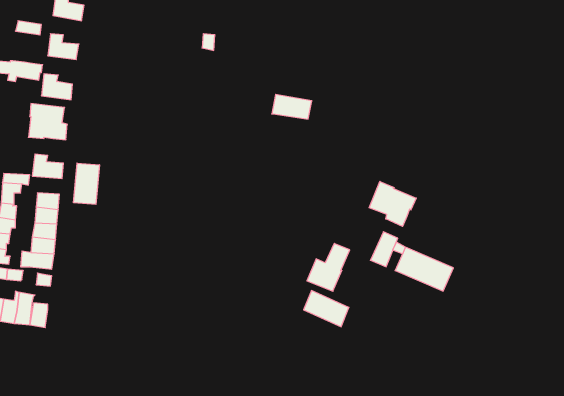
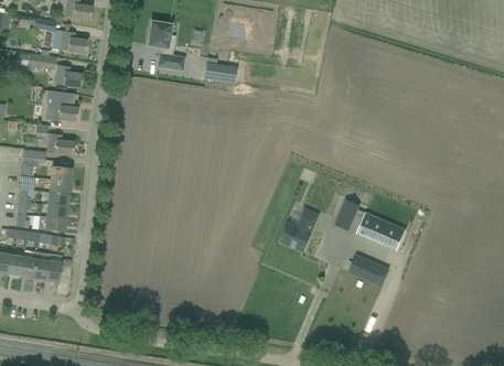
building: none -> [148,21,184,69]
building: [272,94,312,119] -> [203,62,237,83]
building: [74,163,99,204] -> none
building: [369,181,416,226] -> none
building: [304,291,349,327] -> [350,255,388,286]

